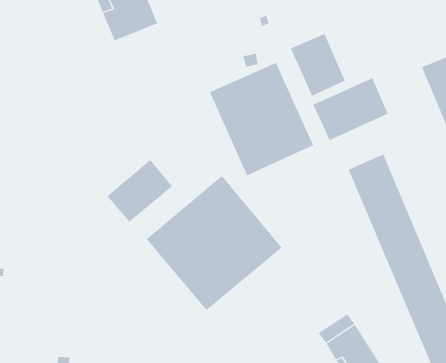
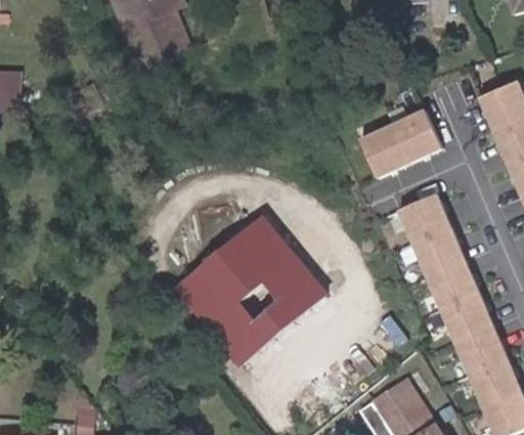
building: [290,33,346,96] -> none
building: [209,62,314,176] -> none
building: [107,159,173,223] -> none

